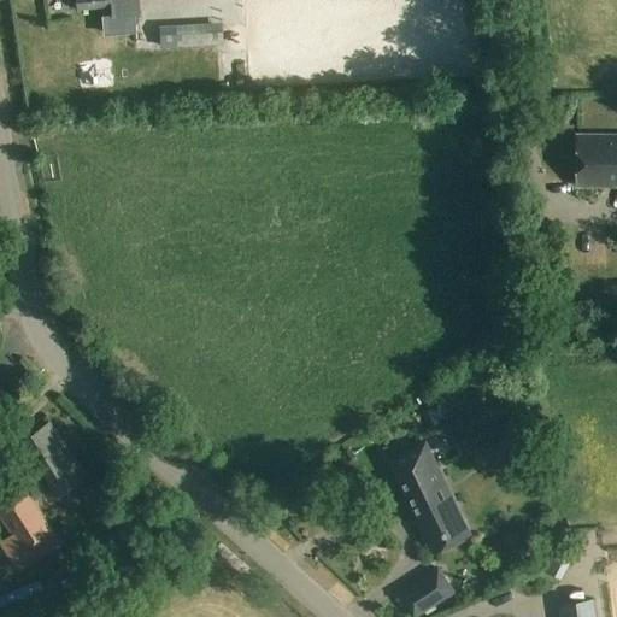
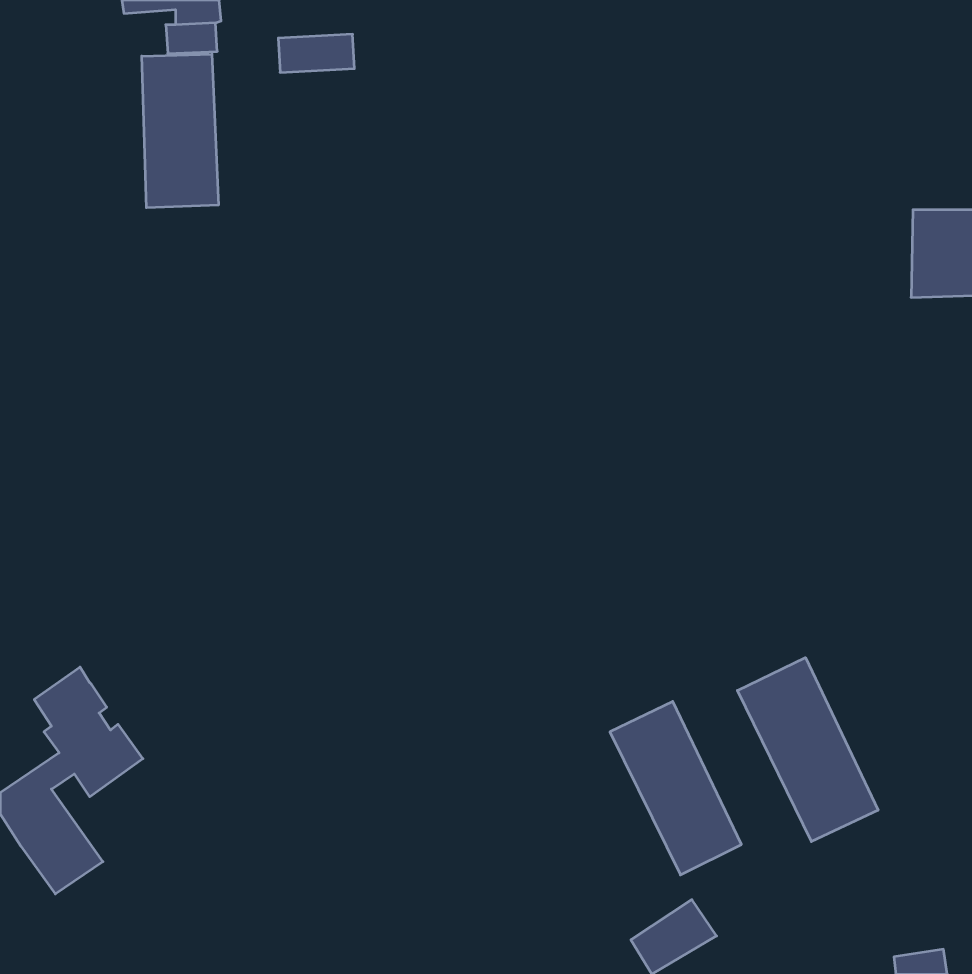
building: none -> [142,54,218,208]
building: none -> [737,658,878,842]

